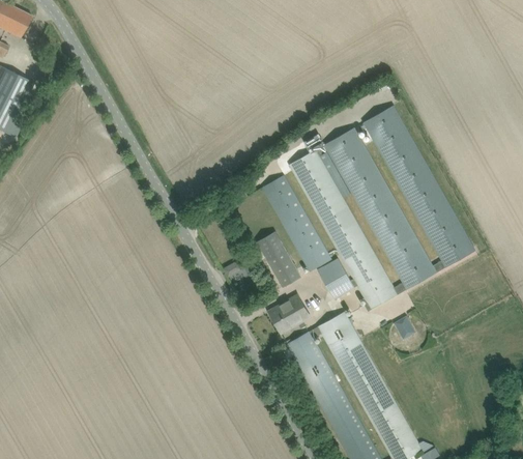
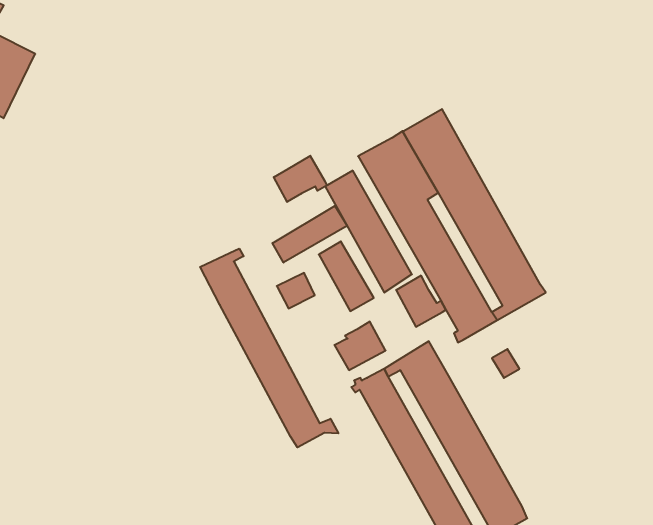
building: [362,105,475,271] -> none
building: none -> [274,156,327,202]
building: none -> [272,206,347,263]
building: none -> [200,249,338,447]

